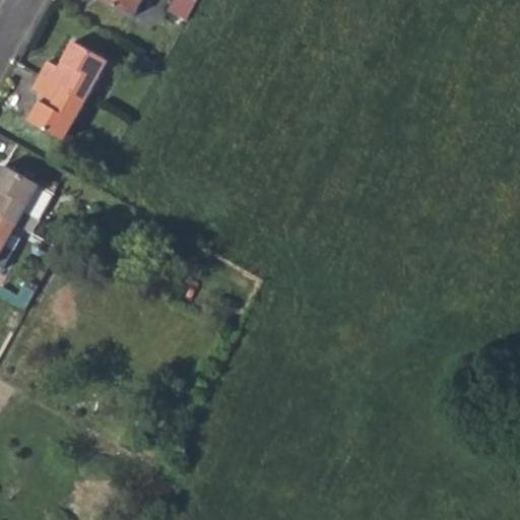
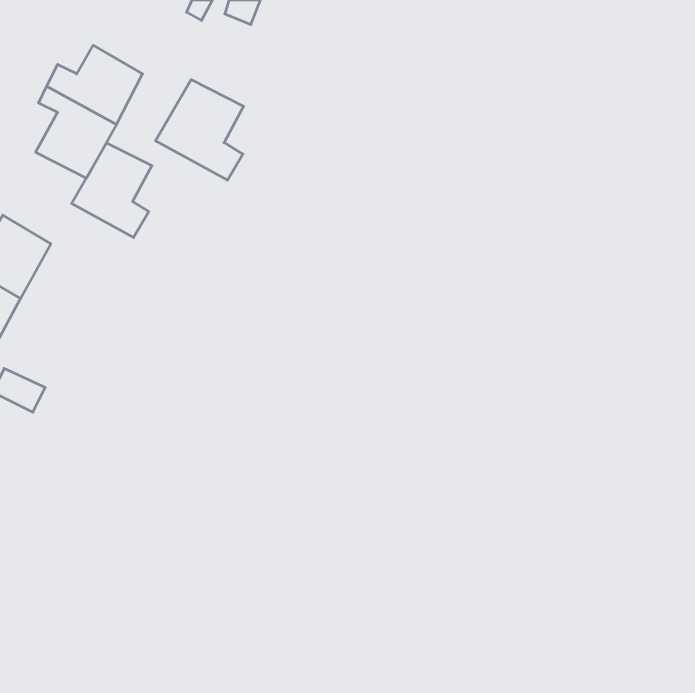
building: none -> [156,80,244,180]
building: none -> [72,143,152,238]

